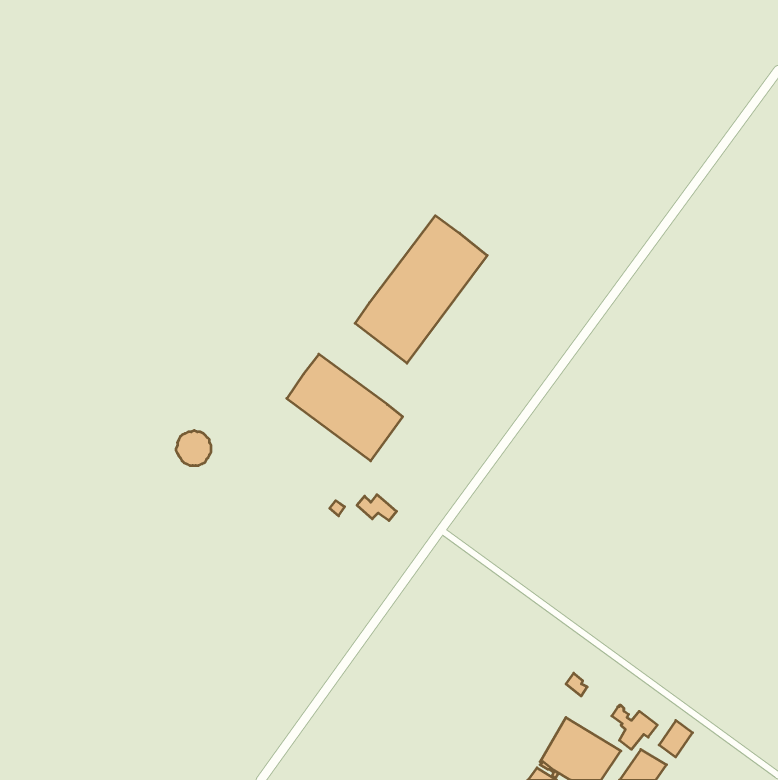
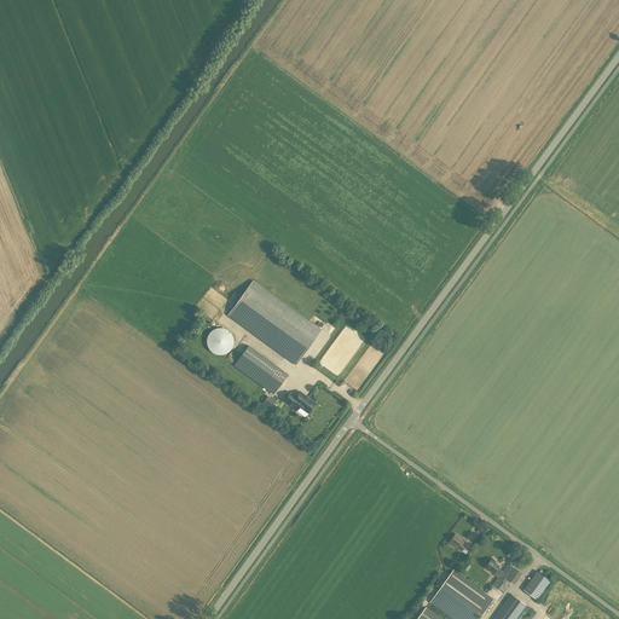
building: [355,216,487,363] -> none
building: [176,430,211,465] -> [204,328,232,355]
building: none -> [233,346,287,394]

